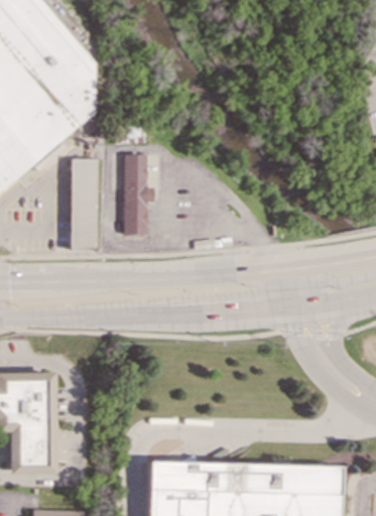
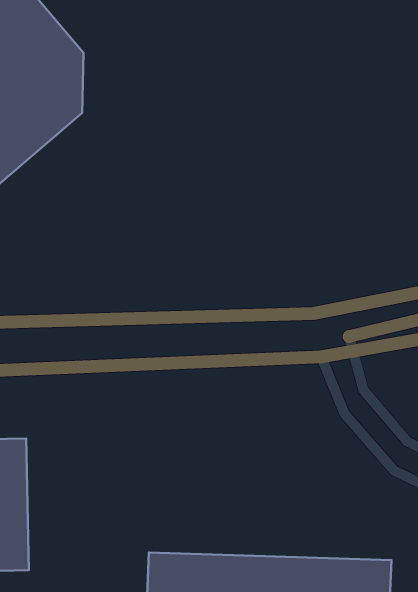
building: [123,153,153,234] -> none
building: [69,158,96,249] -> none

